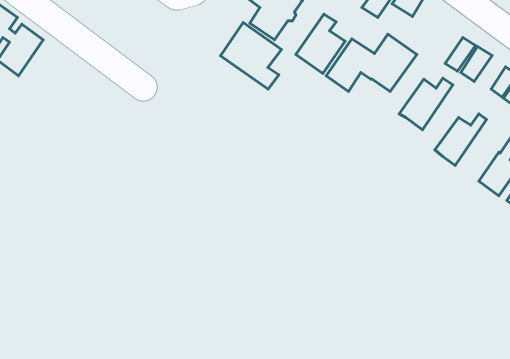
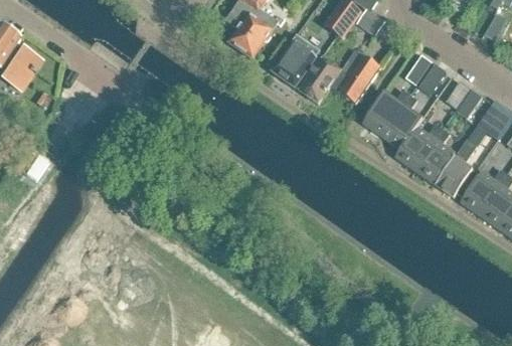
building: [221,23,281,89] -> none
building: none -> [384,97,421,148]
building: none -> [413,128,454,182]

